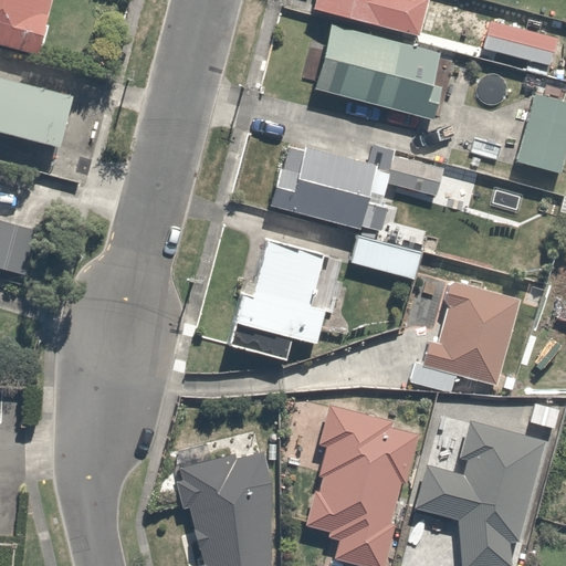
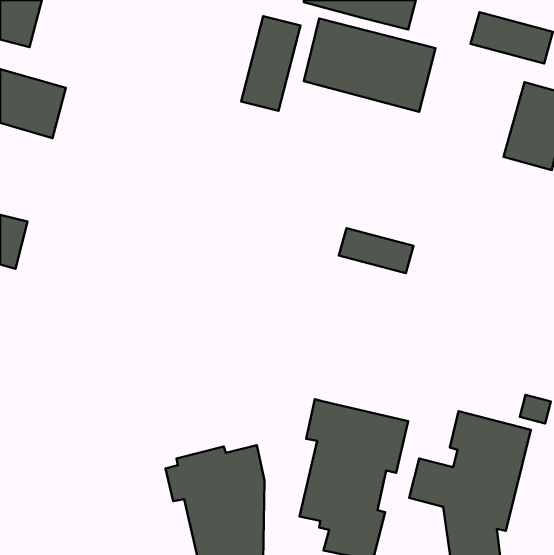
building: none -> [241,16,301,111]
building: [266,138,448,232] -> none
building: [221,238,327,365] -> none
building: [409,276,522,396] -> none

